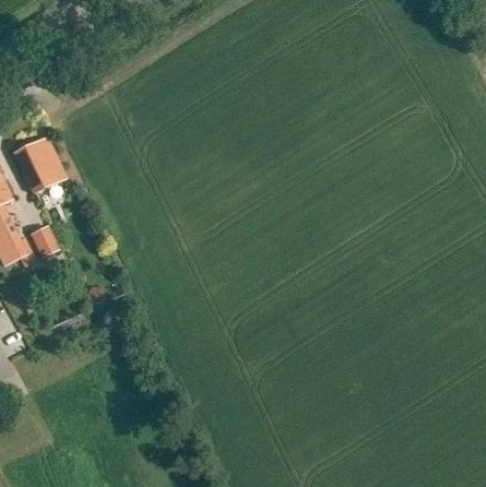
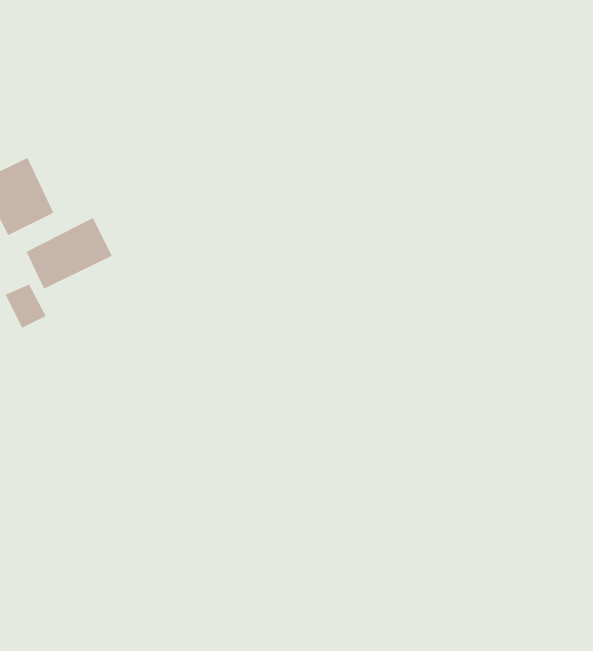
building: none -> [26,217,112,290]

